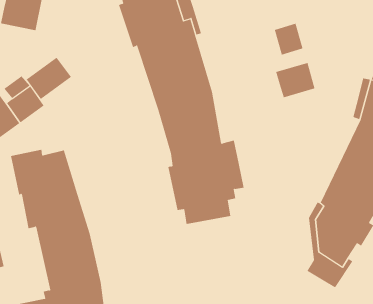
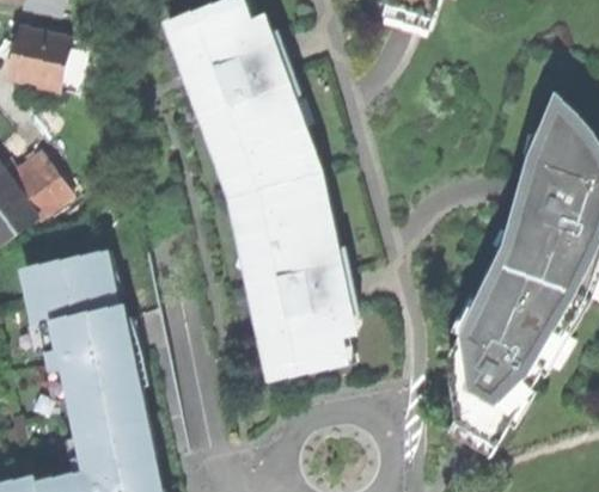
building: [274,23,303,55] -> none
building: [26,57,72,100] -> none
building: [276,62,315,98] -> none

